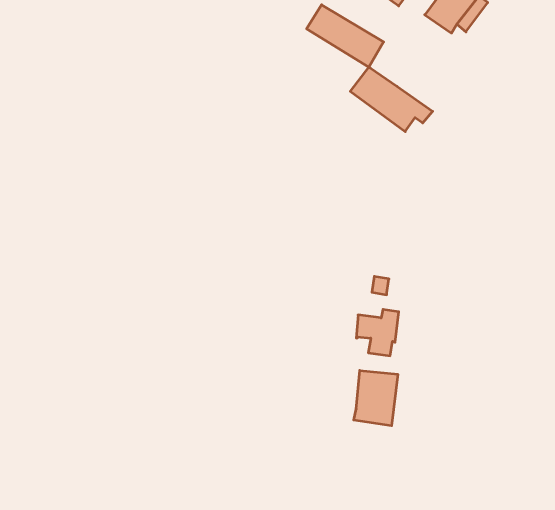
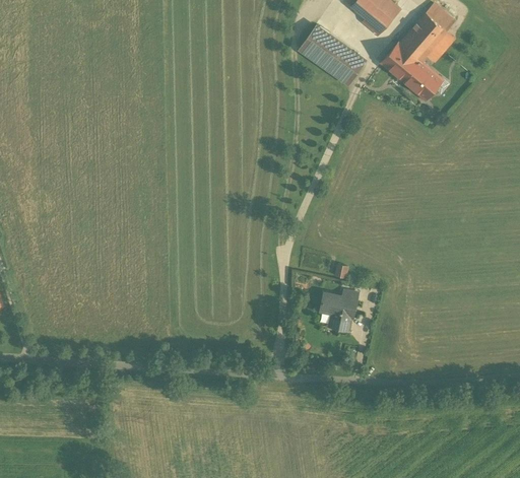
building: [350,67,433,132] -> [382,42,450,98]
building: [354,370,398,426] -> none

